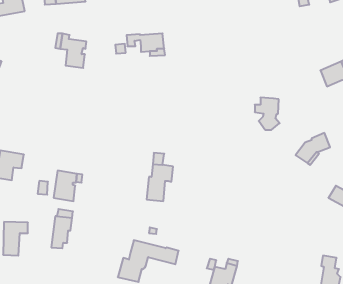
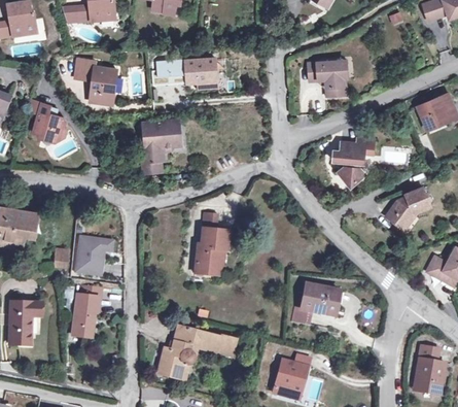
building: none -> [308,61,345,97]
building: none -> [36,101,70,142]
building: none -> [142,121,181,173]
building: none -> [292,283,338,324]

